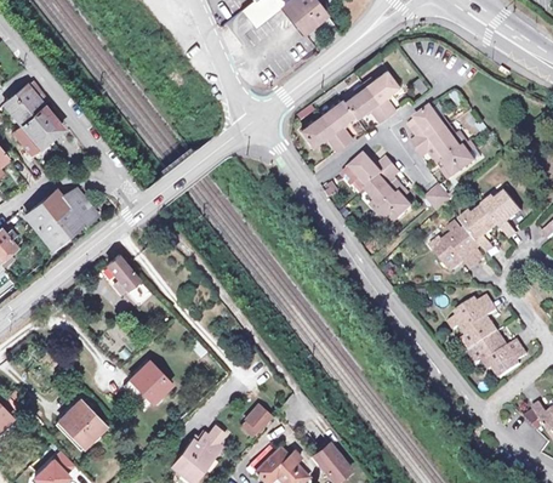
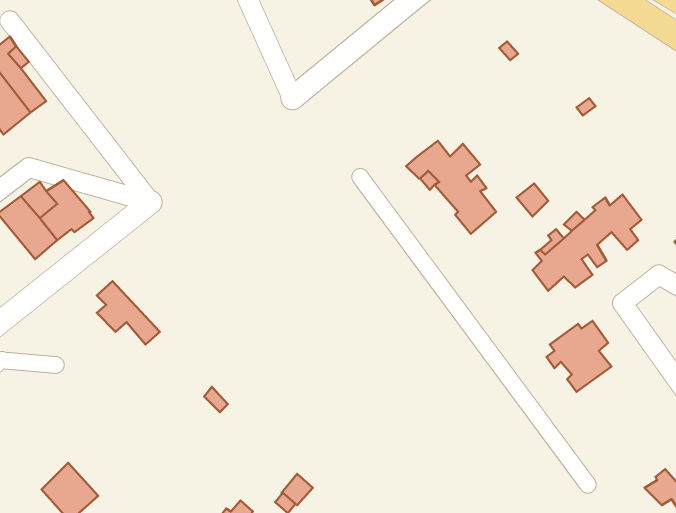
building: [300,69,394,148] -> none
building: [406,106,474,180] -> none
building: [471,328,526,374] -> none
building: [129,370,167,409] -> none

